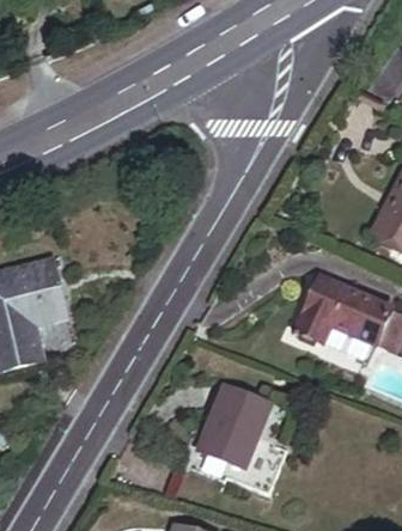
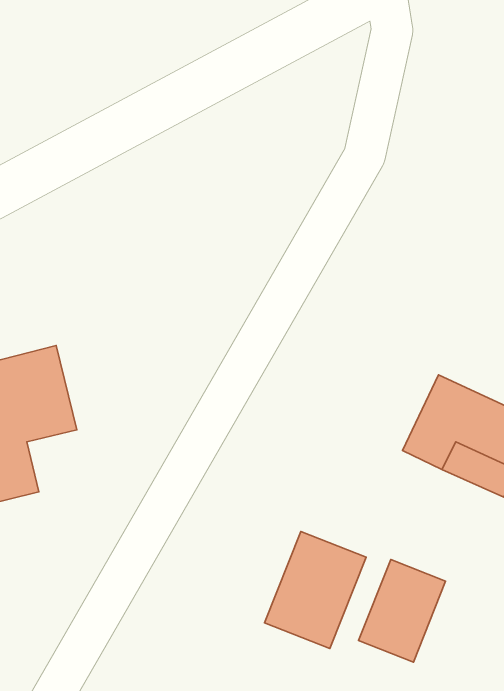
building: none -> [359,559,446,662]

